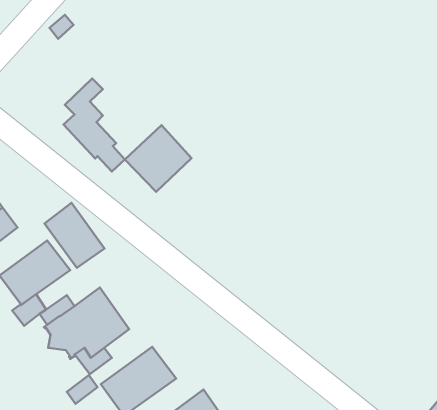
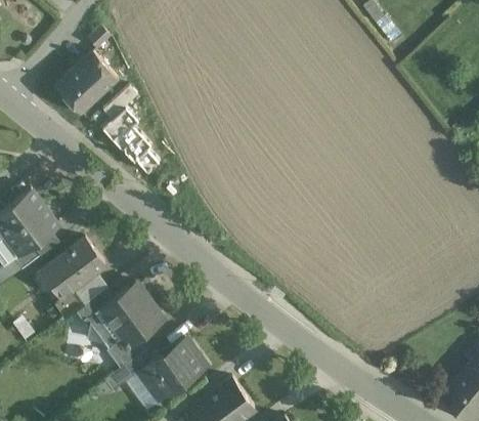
building: none -> [54,52,118,116]
building: [125,125,192,192] -> none
building: [44,203,105,268] -> none

